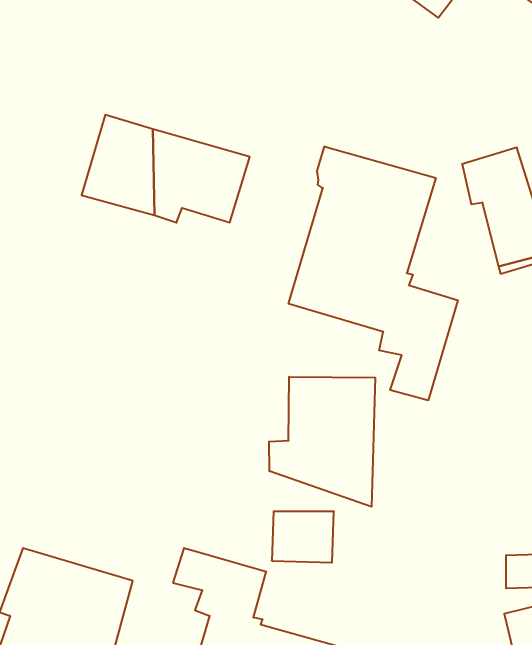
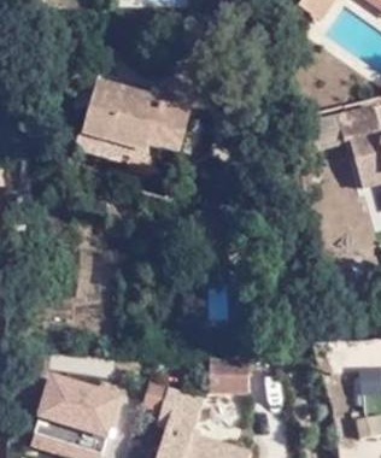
building: [289,146,458,400] -> none
building: [269,377,375,507] -> none

